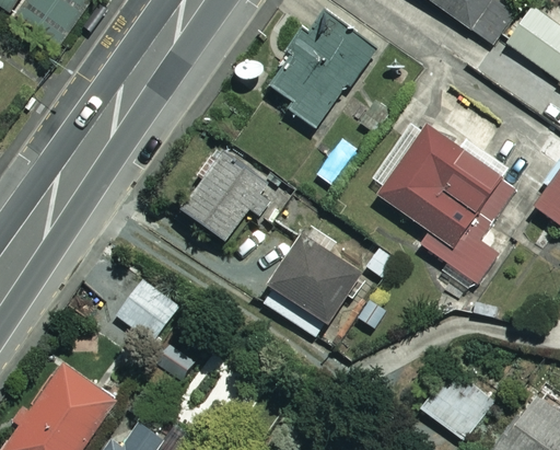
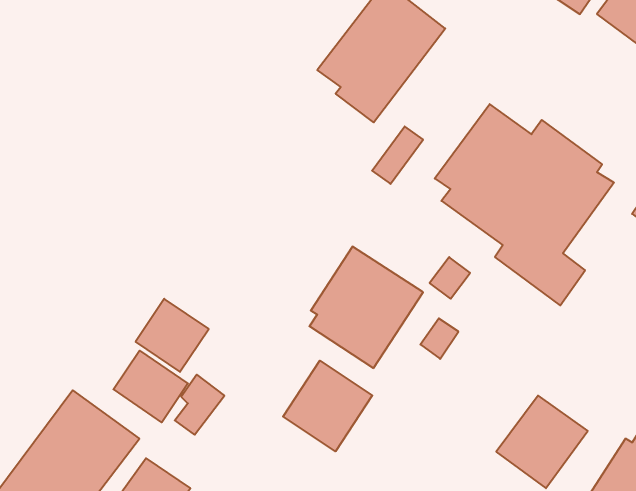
building: [180,150,281,244] -> none
building: none -> [113,351,188,422]
building: none -> [283,361,372,451]

